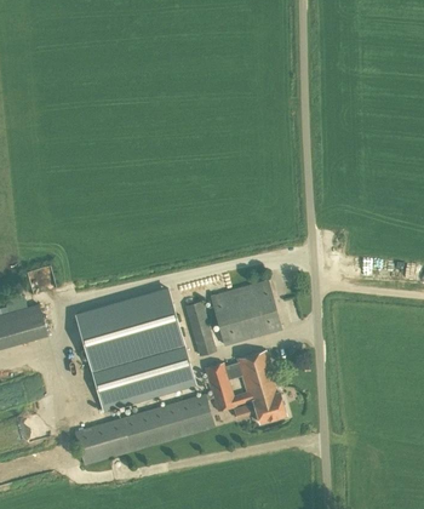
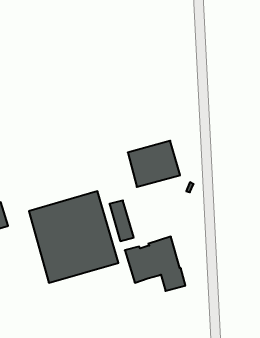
building: [210,280,280,342] -> [128,141,180,187]
building: [73,394,214,465] -> none

